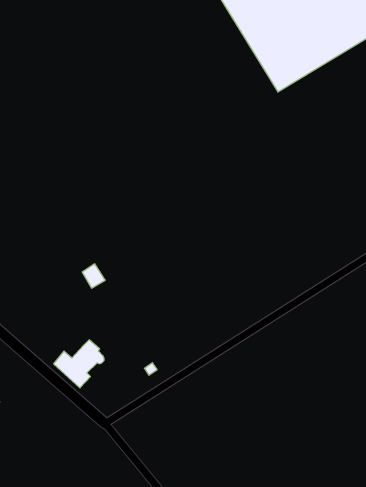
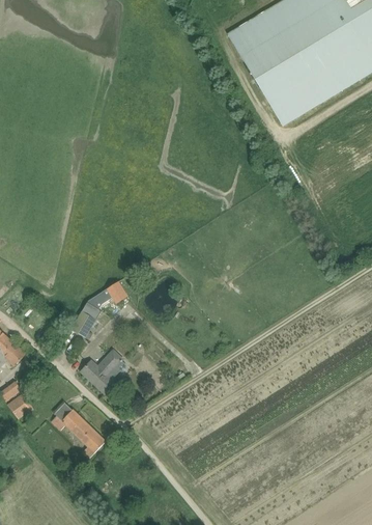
building: none -> [70,302,101,337]
building: none -> [50,409,105,458]

